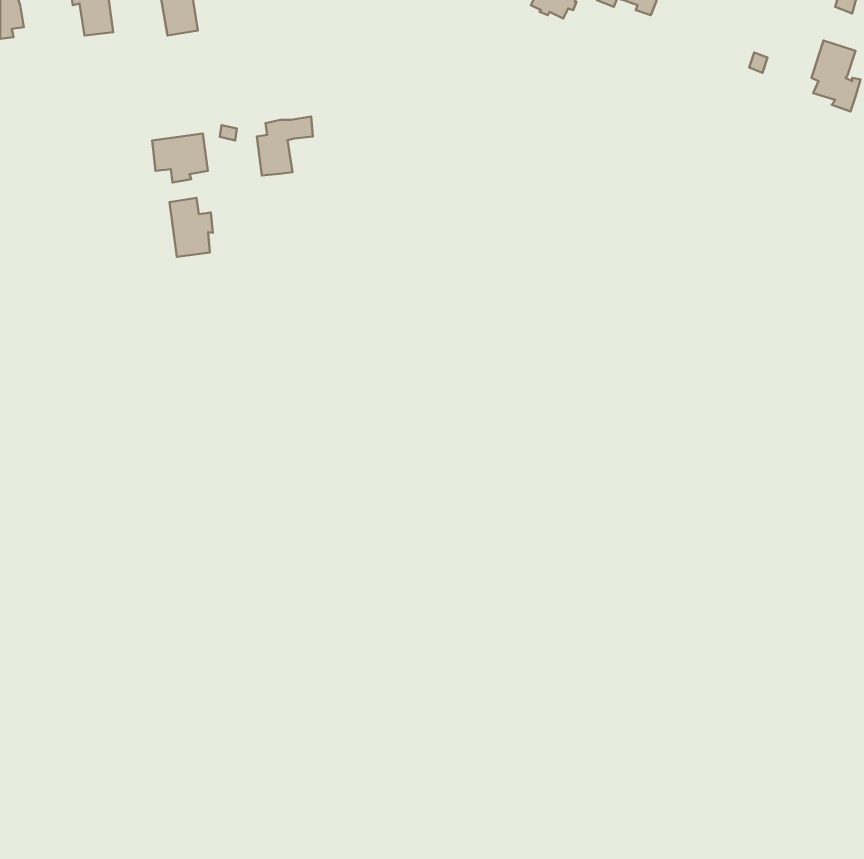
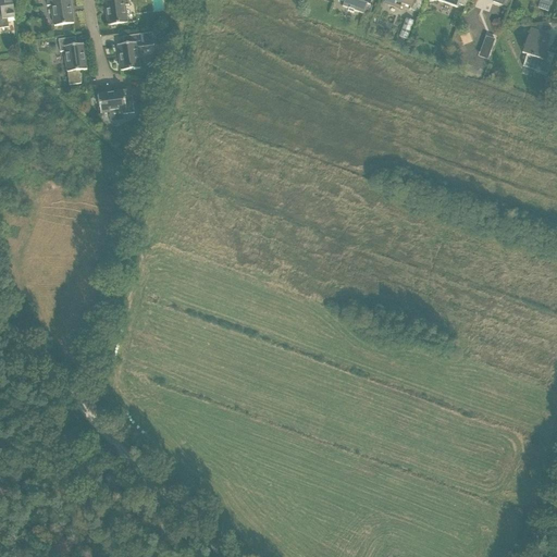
building: none -> [58,34,86,83]
building: [257,116,313,176] -> [117,29,153,67]
building: [170,198,213,257] -> none

